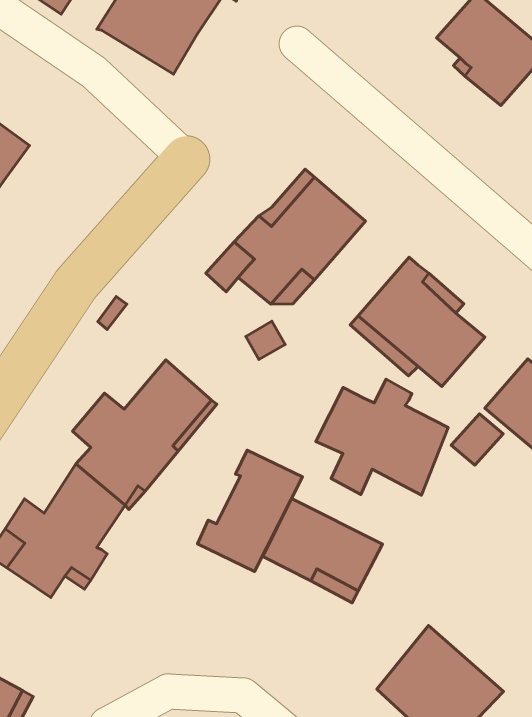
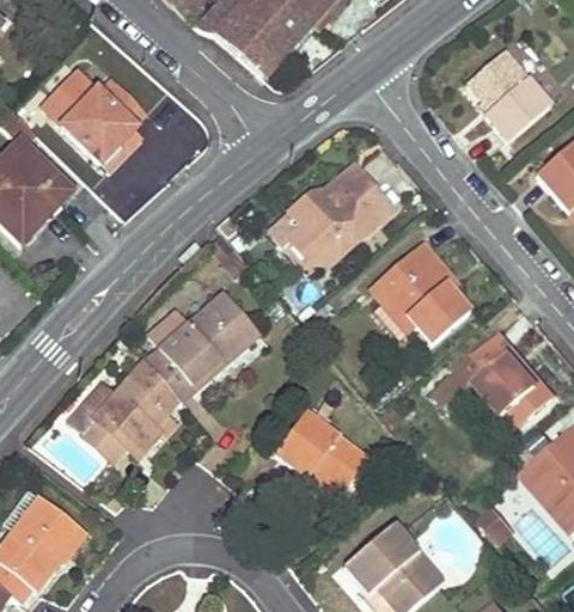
building: [316,379,448,495] -> none
building: [198,450,303,572] -> none

